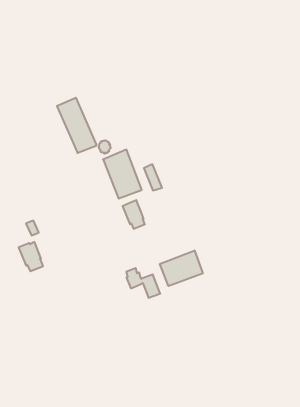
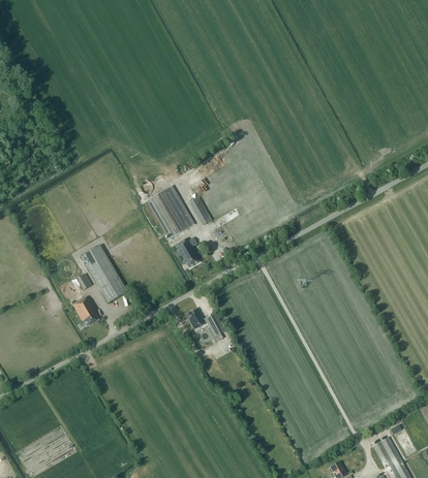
building: [57,98,97,153] -> [81,245,127,301]
building: [160,250,203,286] -> none

